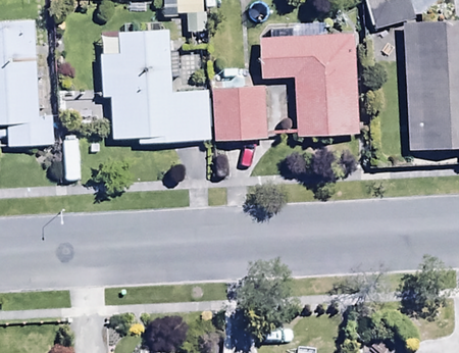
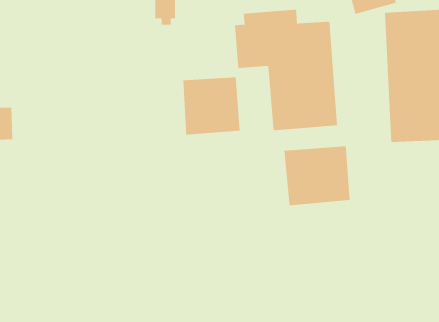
building: [101,30,212,144] -> none
building: none -> [284,146,350,206]

